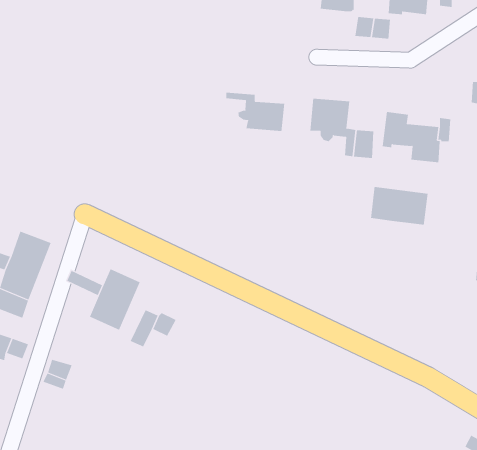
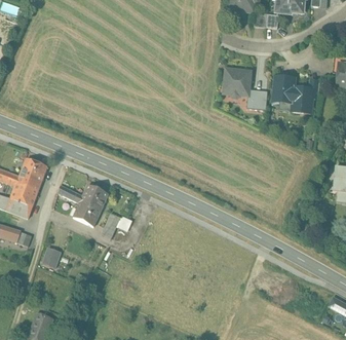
building: [226,92,285,132] -> none
building: [370,186,428,225] -> none

